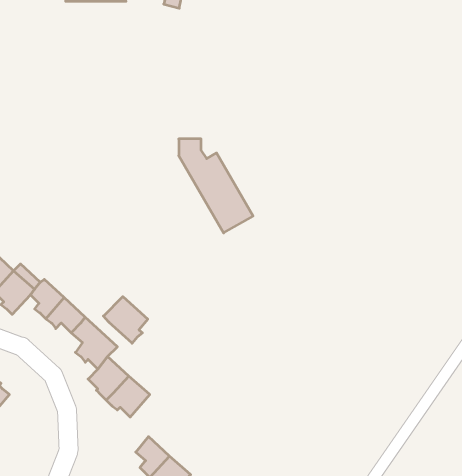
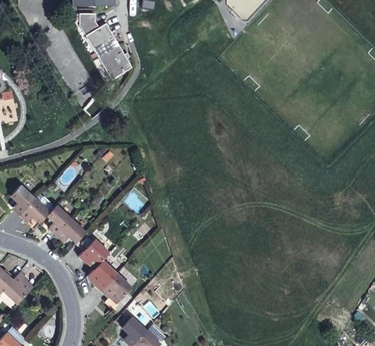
building: [179,139,253,233] -> [79,14,132,81]
building: [103,297,148,343] -> none

